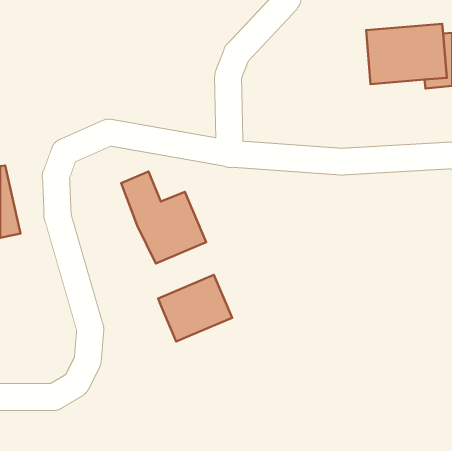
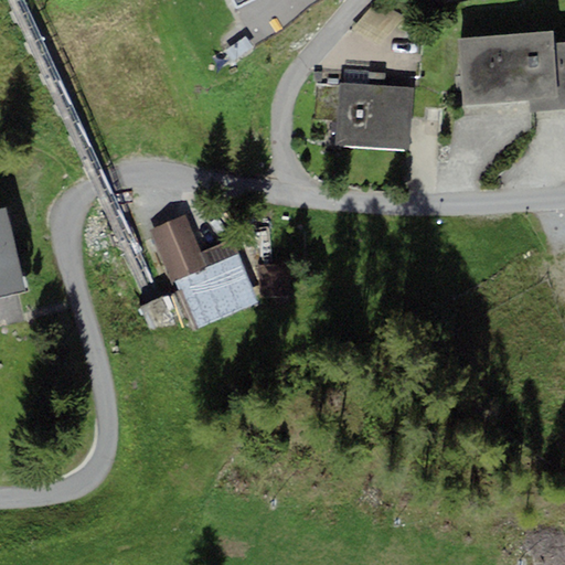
building: none -> [335,68,412,149]
building: [158,275,232,341] -> none

